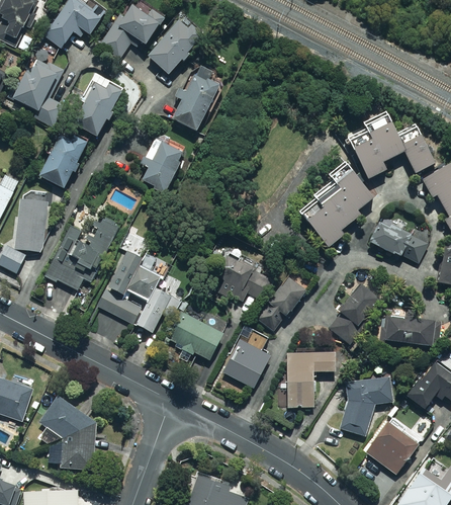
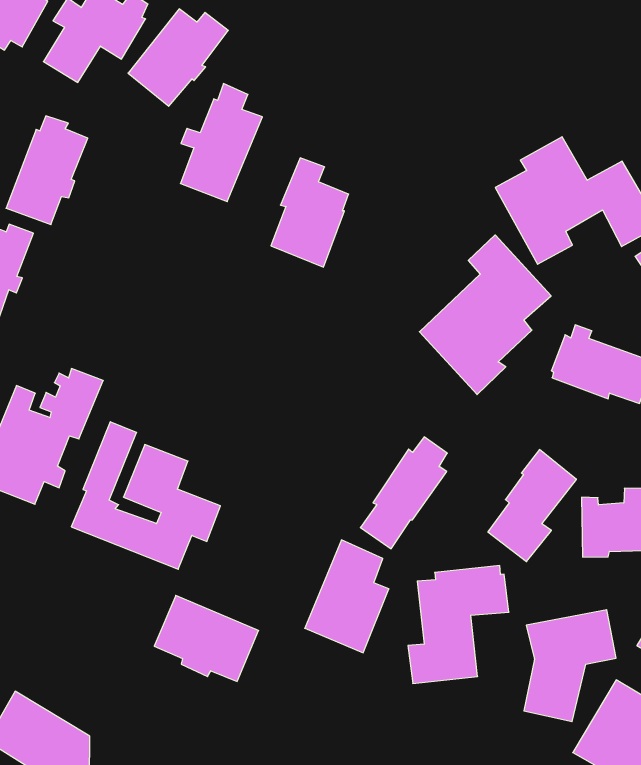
building: [138,132,183,193] -> [271,158,349,267]
building: [210,253,275,302] -> none
building: [165,310,223,360] -> [154,595,259,681]

